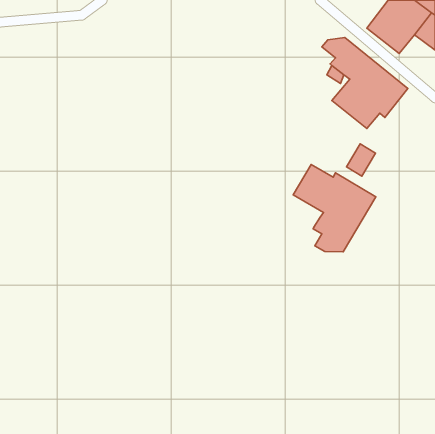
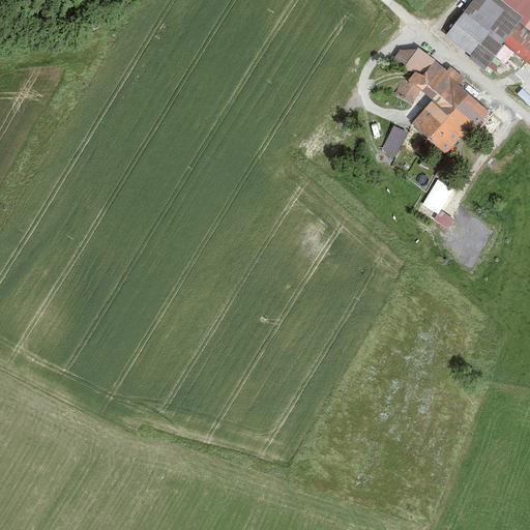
building: none -> [382,124,408,155]
building: [293,165,376,252] -> none

